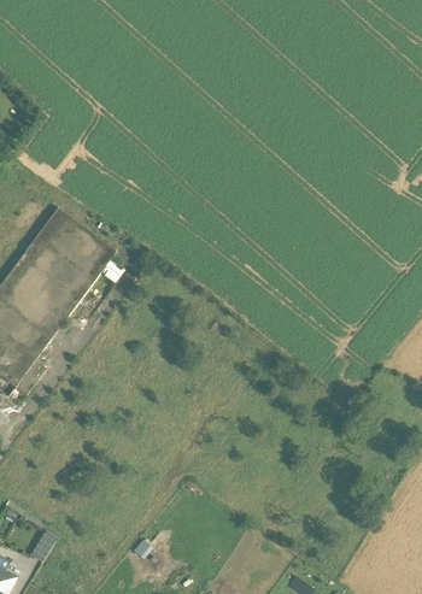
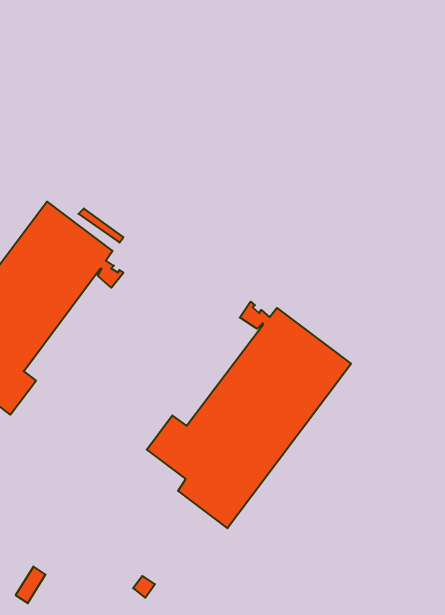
building: none -> [147,302,351,528]

